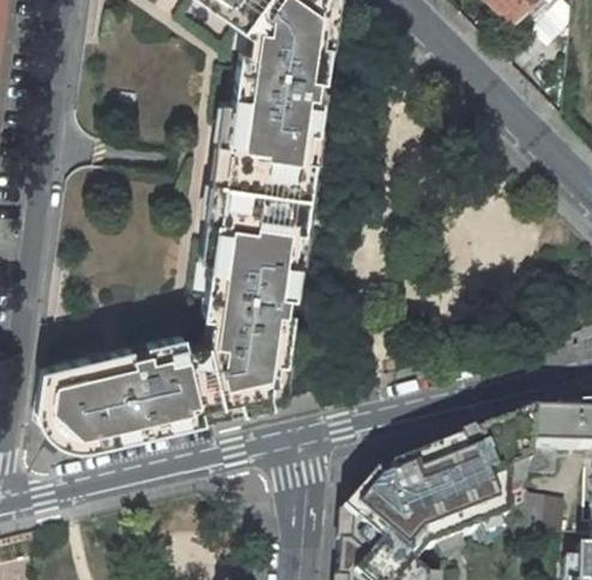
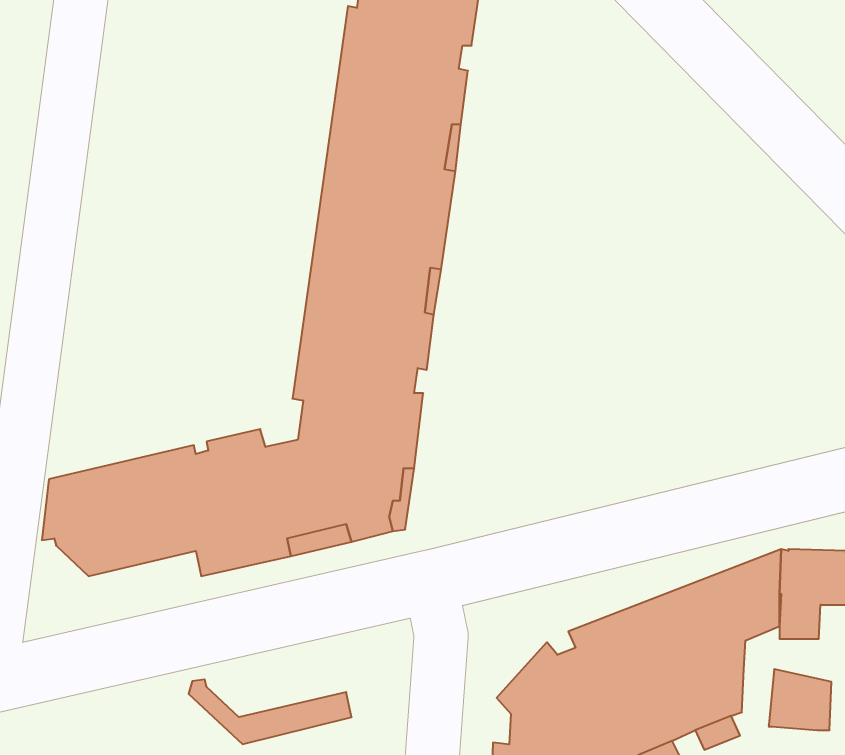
building: [37,399,146,442] -> [189,679,352,744]

